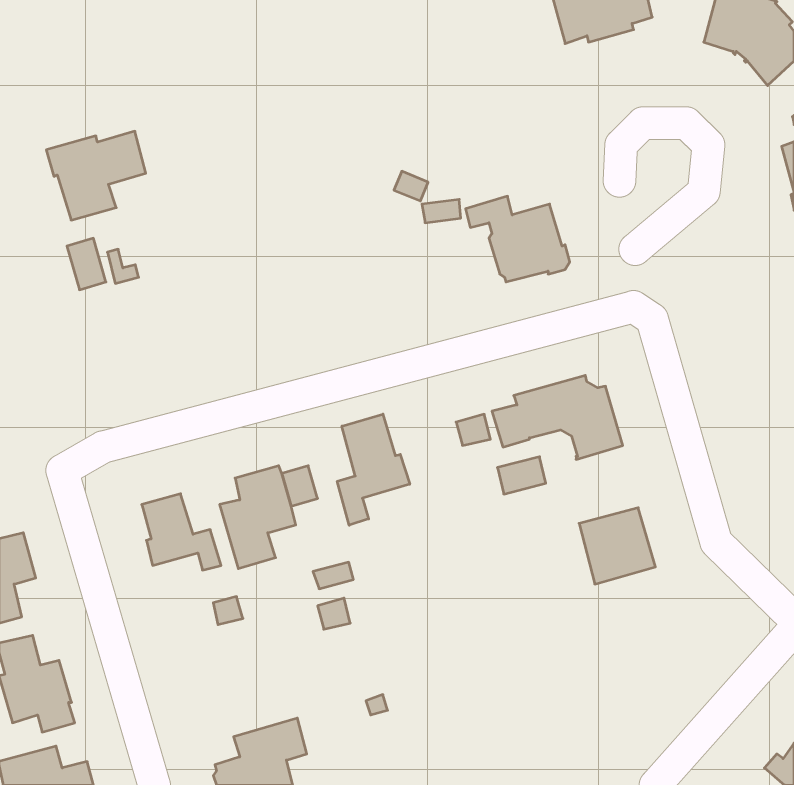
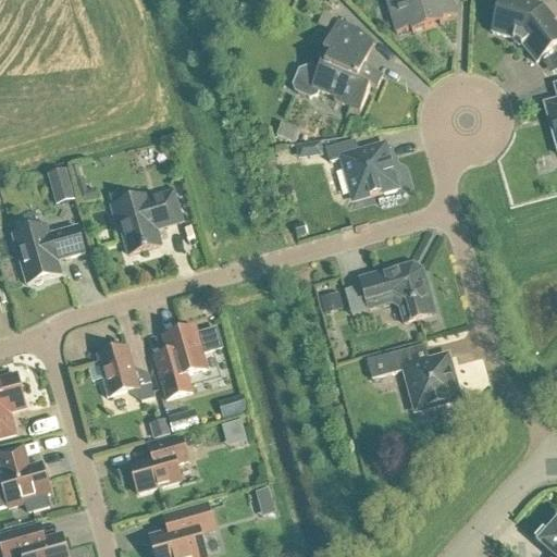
building: none -> [293,16,382,109]
building: [46,131,146,220] -> [112,189,182,251]
building: none -> [13,222,85,282]
building: [337,414,410,525] -> none
building: [497,457,546,494] -> [367,350,400,376]
building: none -> [131,434,189,491]

